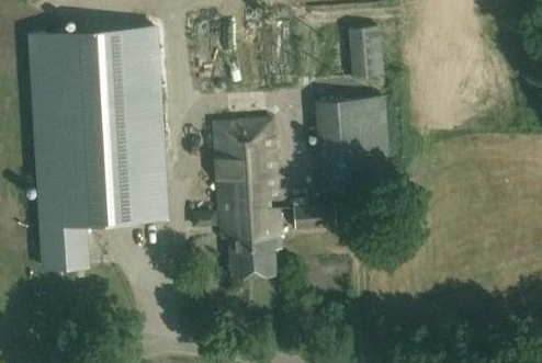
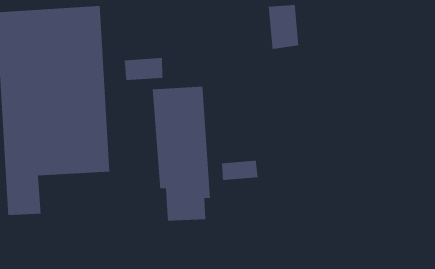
building: none -> [124,57,163,81]
building: [315,98,388,190] -> none

